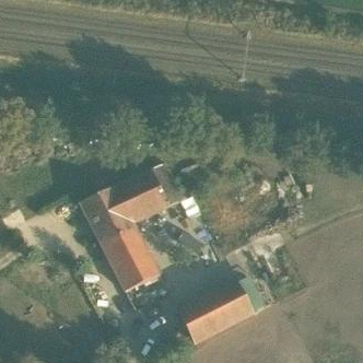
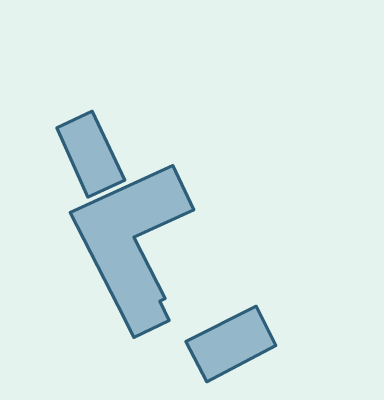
building: none -> [57,111,125,197]

